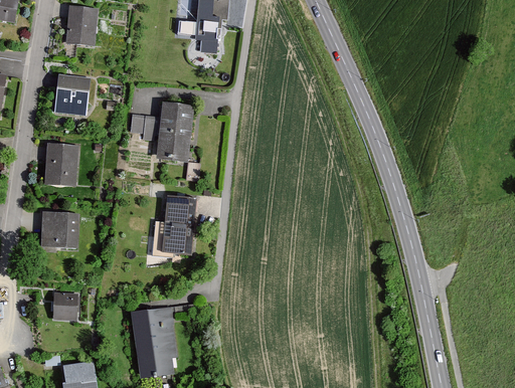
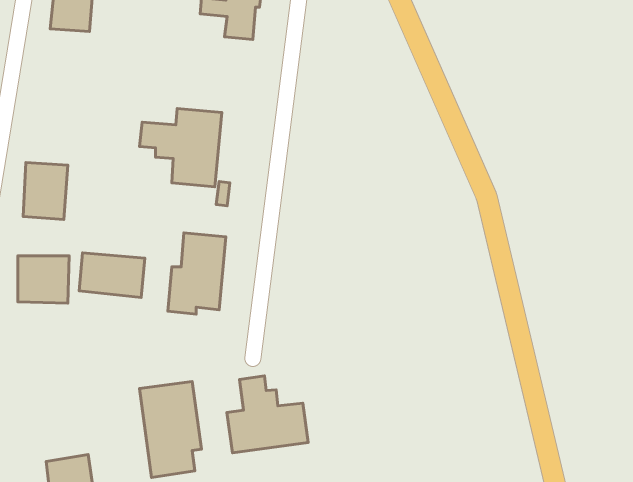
building: [53,74,89,115] -> none
building: none -> [79,253,145,297]
building: [52,290,80,319] -> none
building: none -> [227,376,308,453]

